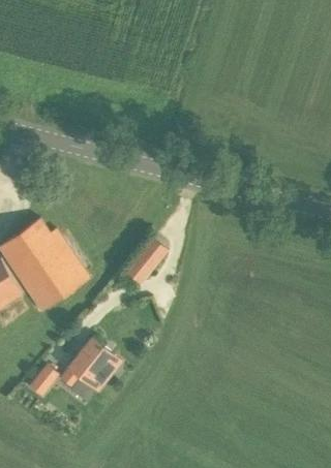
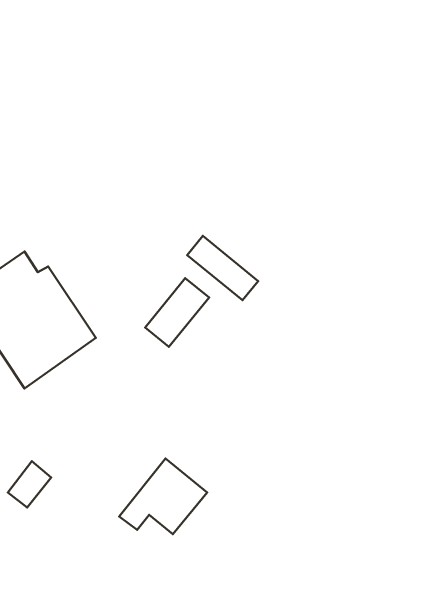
building: none -> [187,236,258,300]
building: [60,338,121,391] -> [119,458,207,534]

